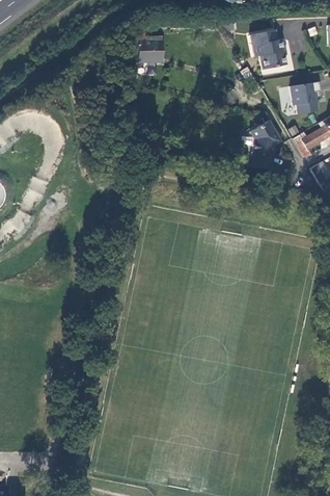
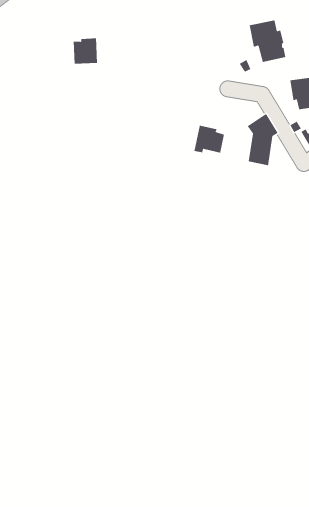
building: [139,36,163,61] -> [73,38,98,64]
building: none -> [194,125,225,153]

